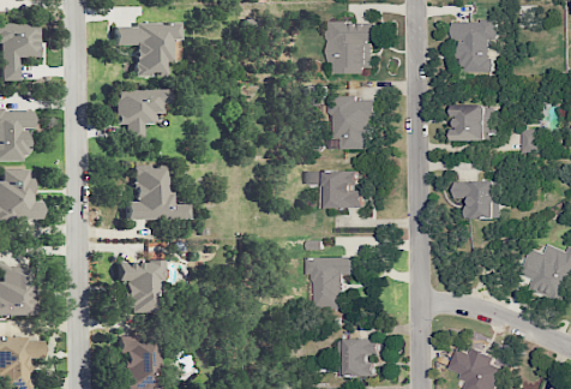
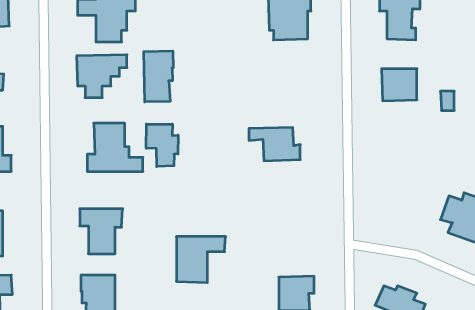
building: none -> [144,51,173,102]
building: [337,97,374,149] -> none
building: none -> [146,124,178,167]
building: [455,180,500,219] -> none
building: [311,257,366,309] -> [176,237,226,283]

